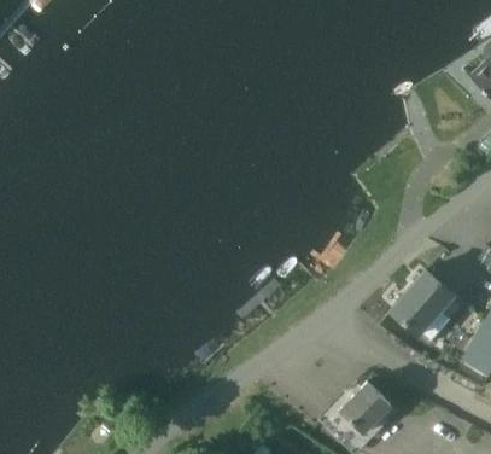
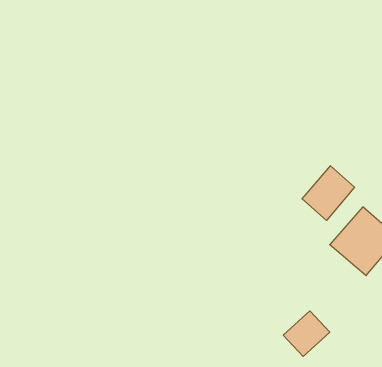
building: none -> [302,166,355,220]

